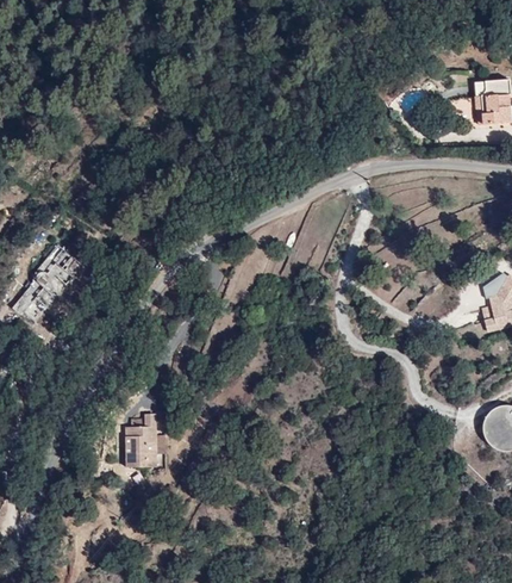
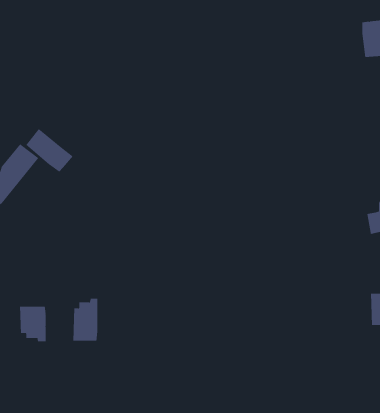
building: none -> [26,128,73,172]
building: none -> [20,306,46,342]

